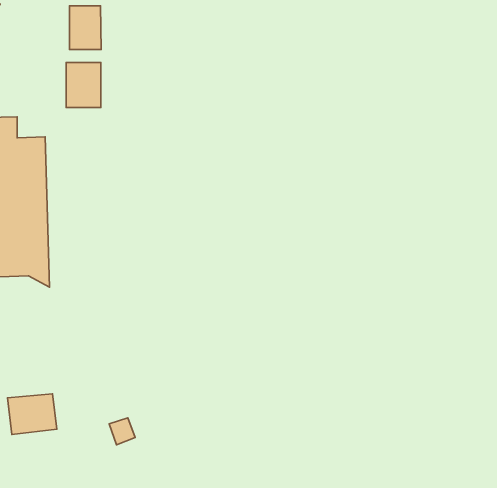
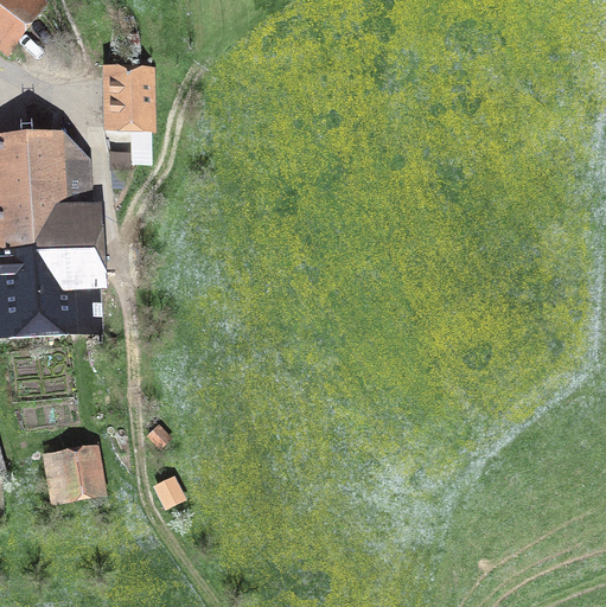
building: [69,6,101,49] -> none

